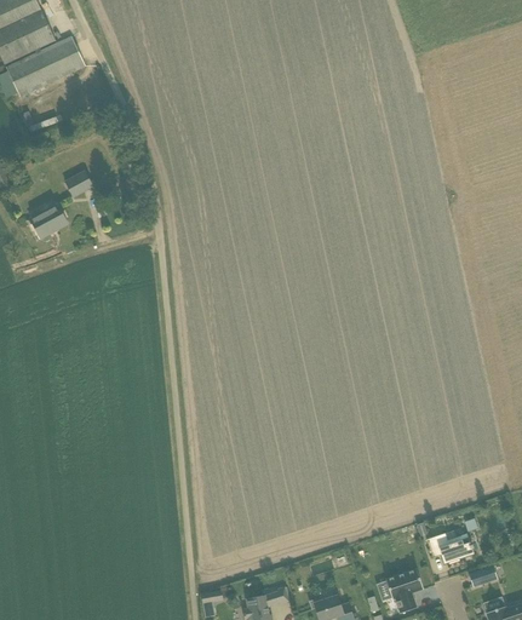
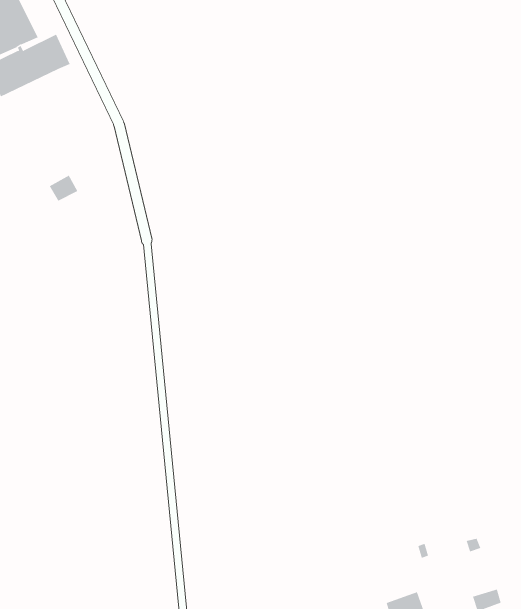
building: [30,205,68,237] -> none
building: [428,533,475,563] -> none

